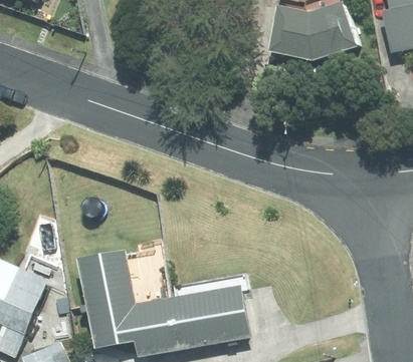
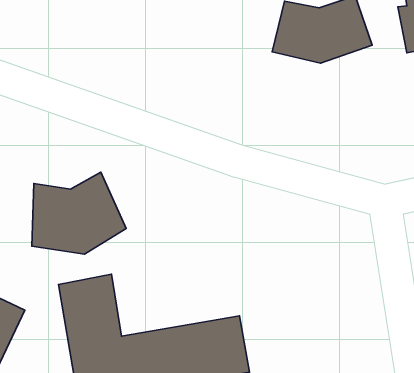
building: none -> [32,172,126,254]

